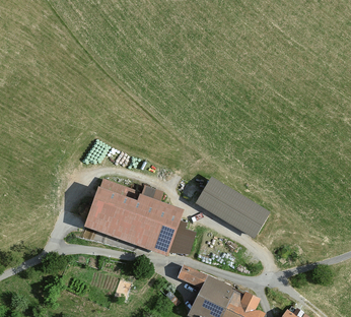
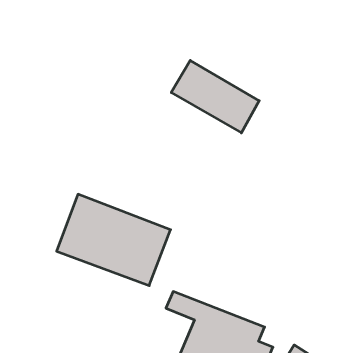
building: [196,175,271,237] -> [171,60,259,133]

